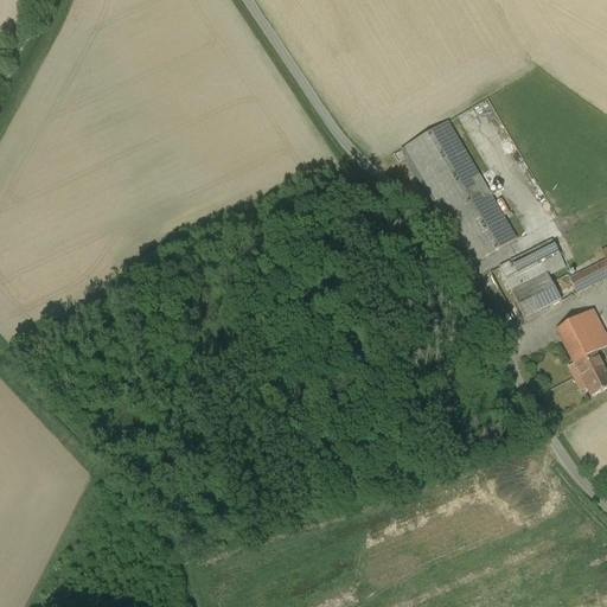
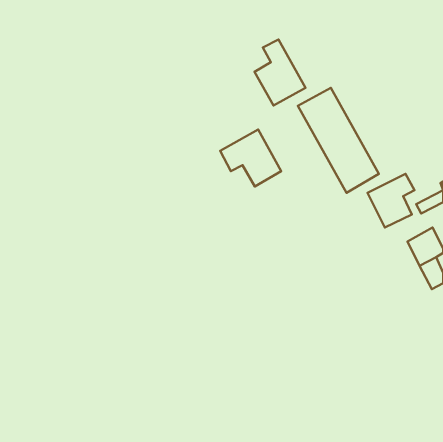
building: none -> [254,39,305,106]
building: none -> [220,130,281,186]

